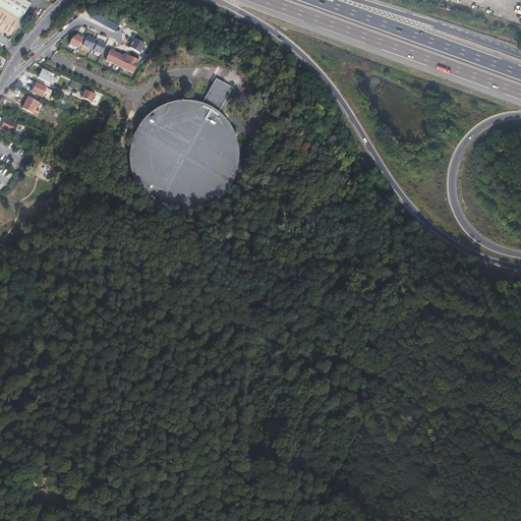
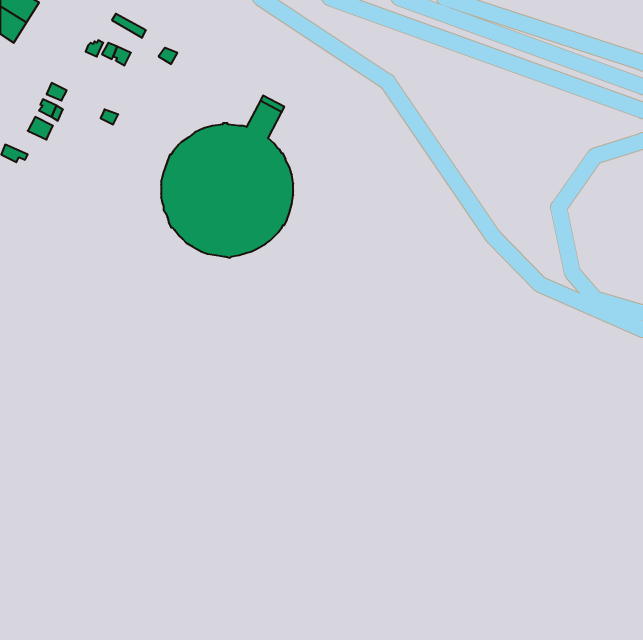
building: [105,48,138,72] -> none

